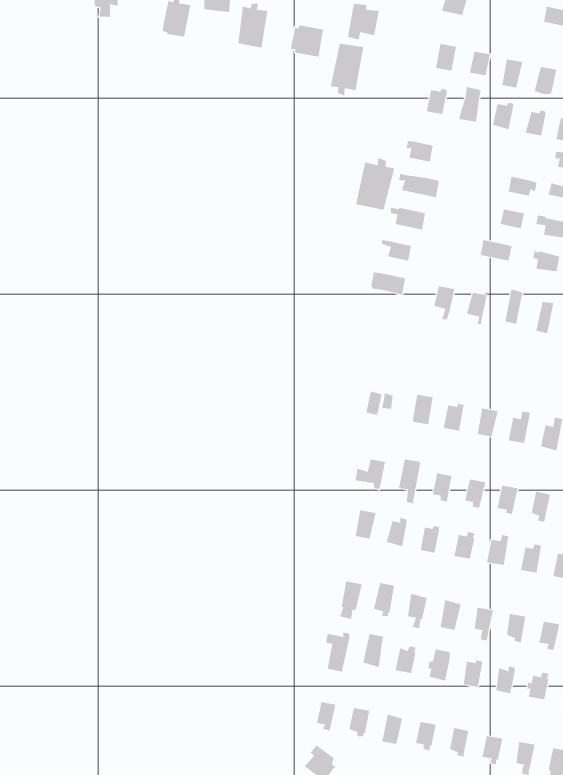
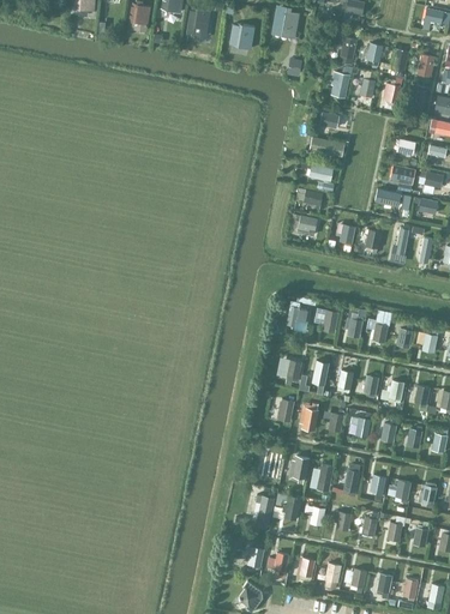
building: [330,43,364,96] -> none
building: [356,157,395,211] -> none

